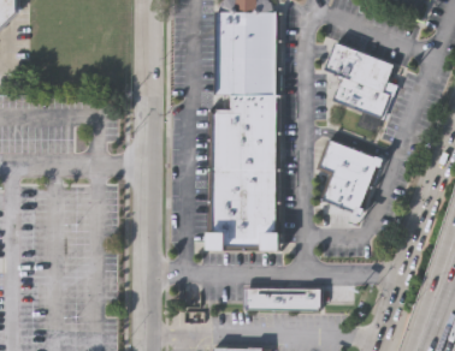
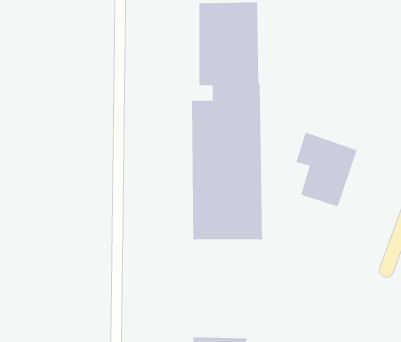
building: [320,40,395,117] -> none
building: [244,288,317,310] -> none

